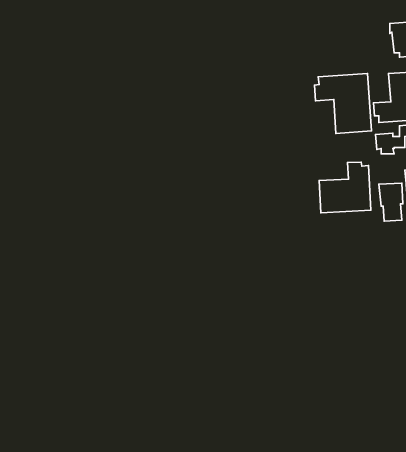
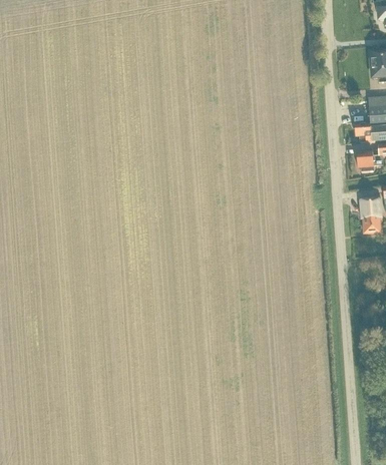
building: [315,73,371,133] -> none
building: [319,162,371,213] -> none

